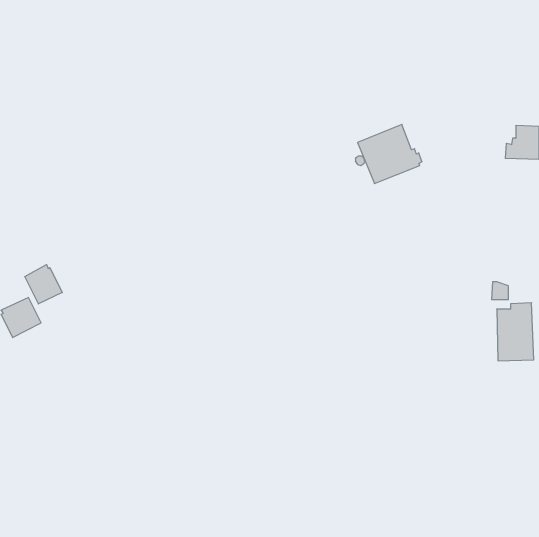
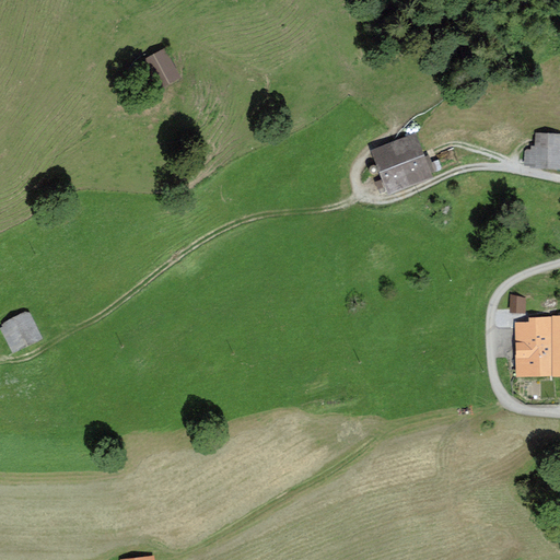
building: none -> [139,47,182,91]
building: [25,265,62,304] -> none

